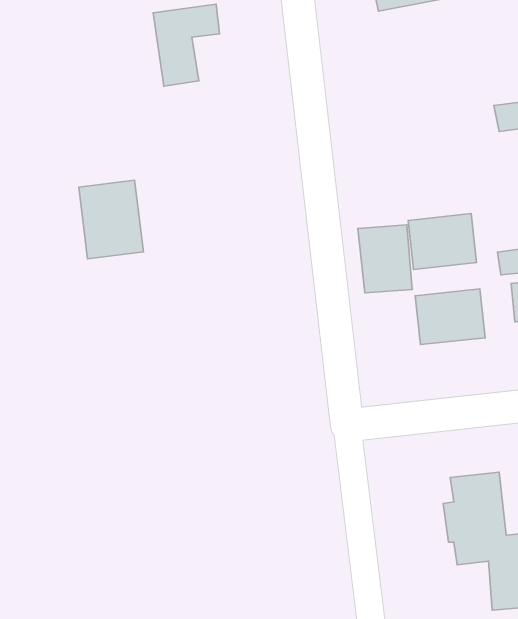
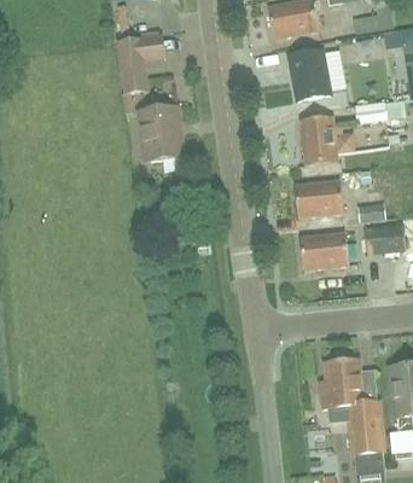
building: none -> [289,50,328,99]
building: [79,180,143,259] -> [140,105,185,159]
building: [358,225,412,293] -> [299,116,337,163]

